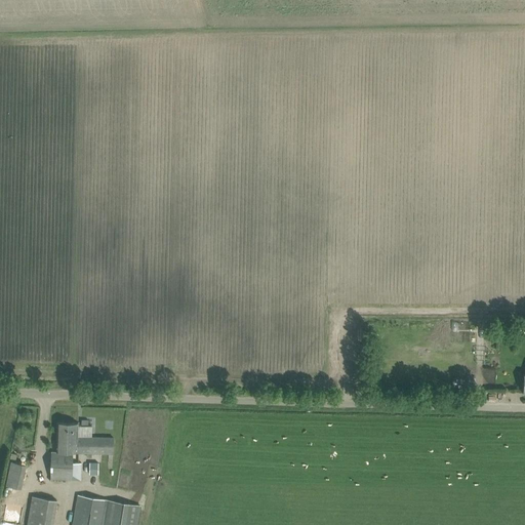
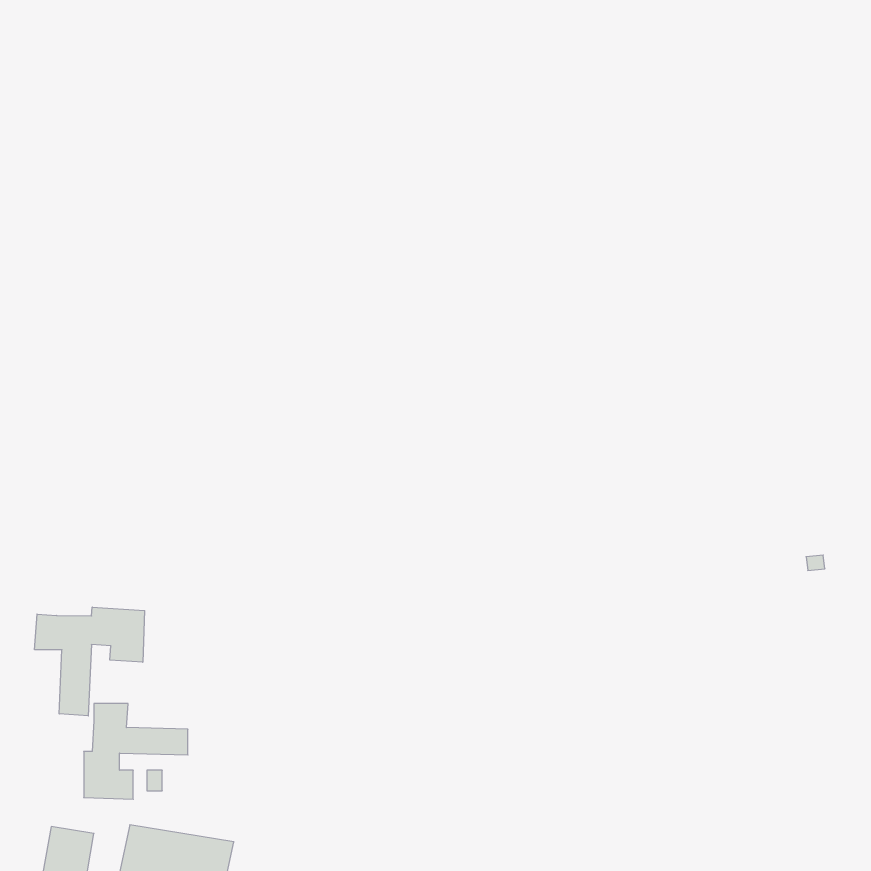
building: none -> [35,607,145,716]
building: [5,461,26,489] -> none

